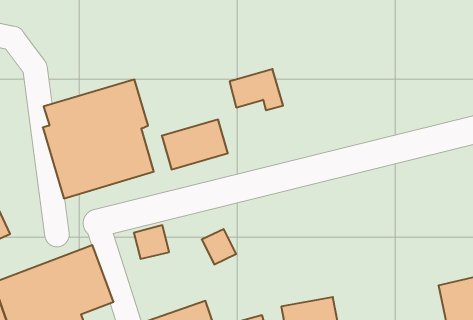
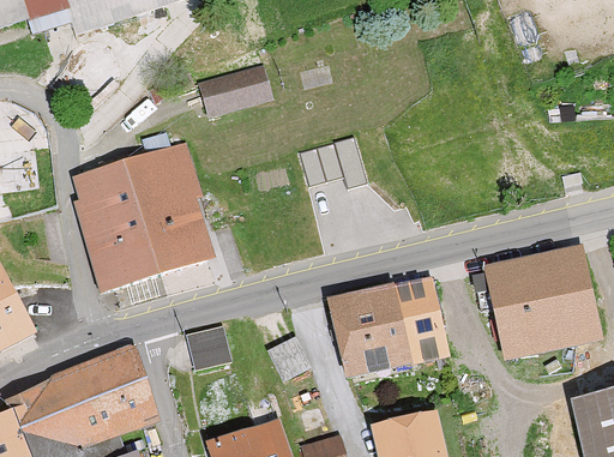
building: [162,120,228,169] -> [193,56,276,119]
building: none -> [484,249,598,360]
building: none -> [326,276,447,378]

